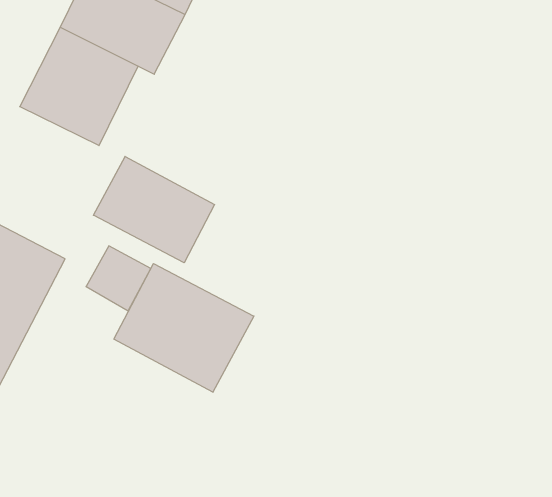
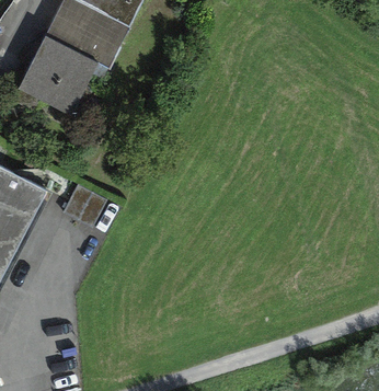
building: [93,156,215,263] -> none
building: [114,264,254,392] -> none

